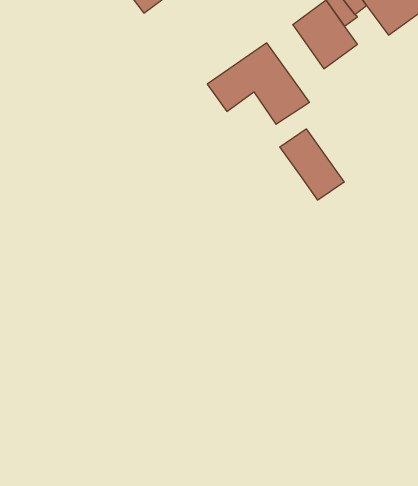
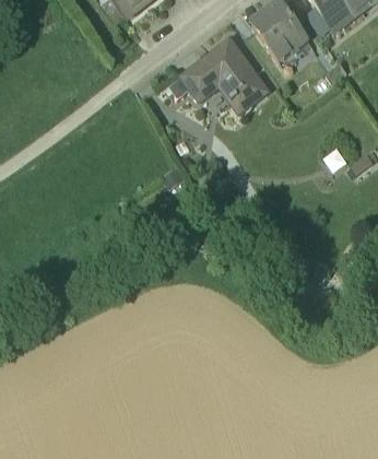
building: [280,129,344,200] -> none

